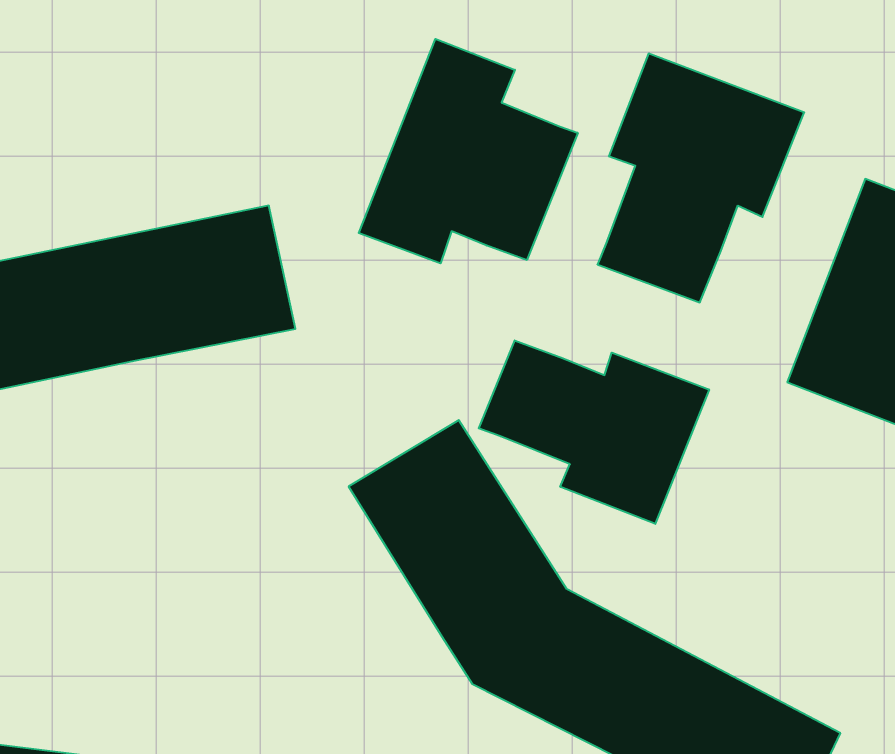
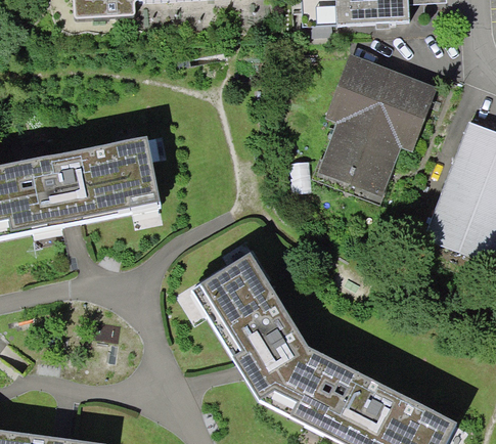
building: [359,39,578,263] -> none
building: [479,340,709,524] -> none

